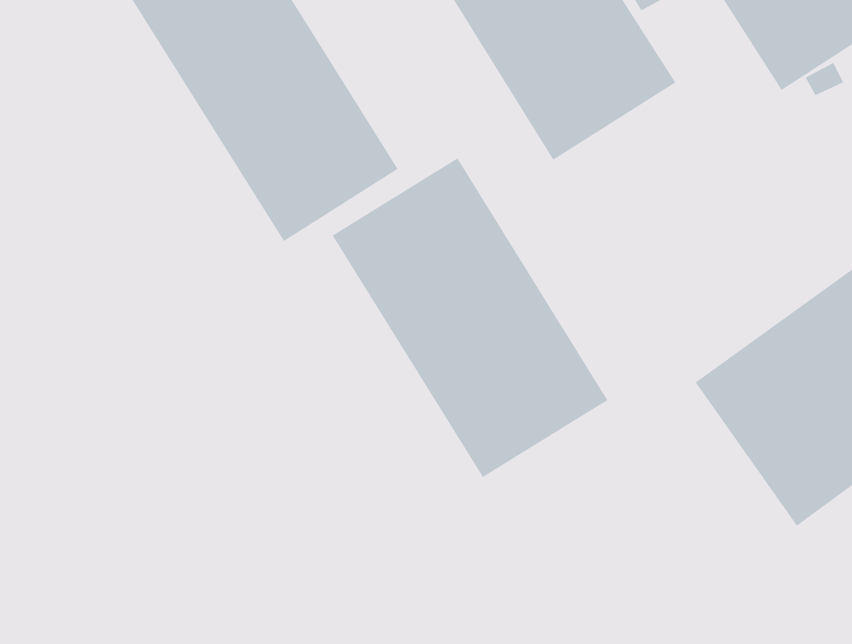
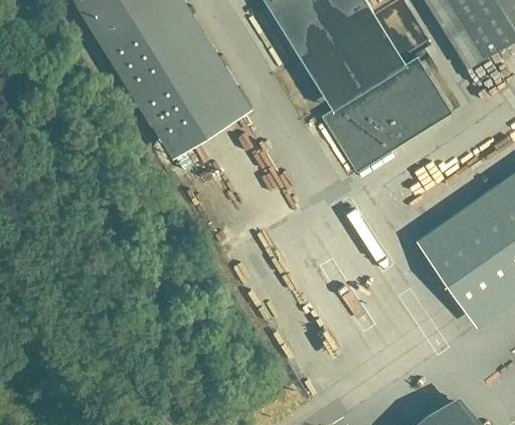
building: none -> [322,56,453,171]
building: [332,158,608,478] -> none

